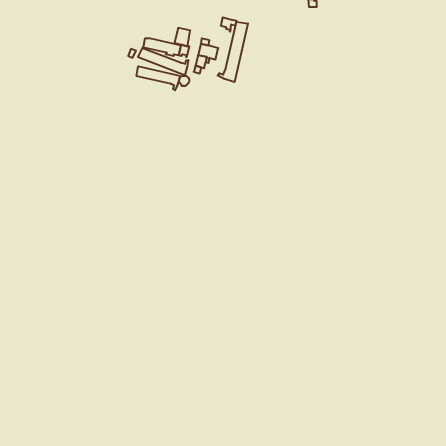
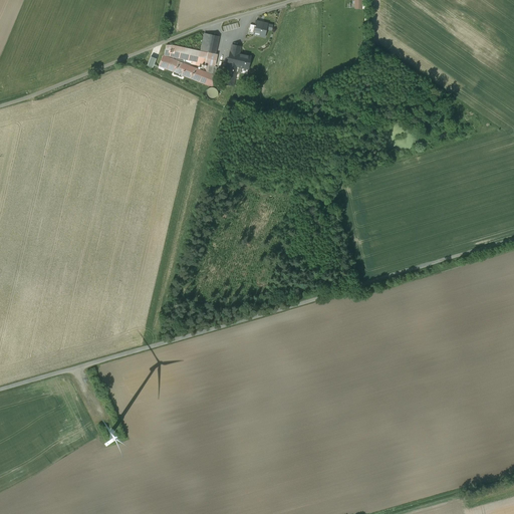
building: [218,22,248,82] -> none
building: [137,66,180,90] -> none

